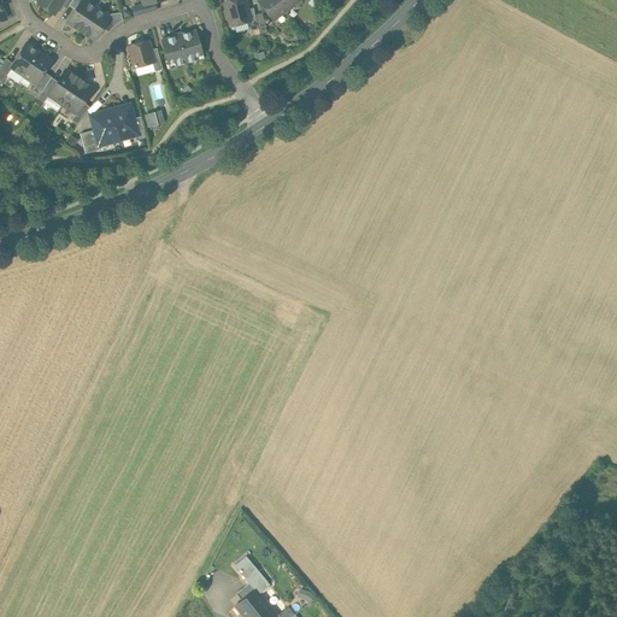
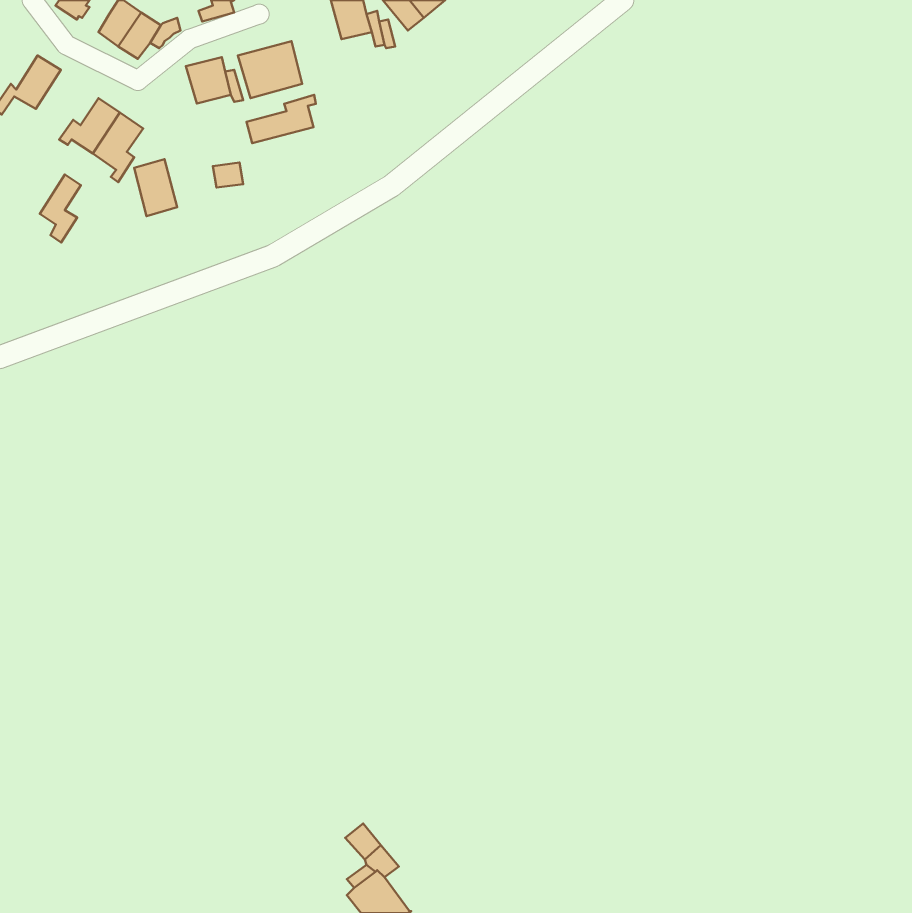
building: [24,47,52,93] -> [40,175,81,242]
building: none -> [246,95,316,143]
building: [111,102,140,140] -> none

